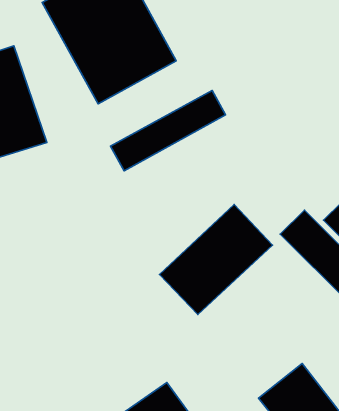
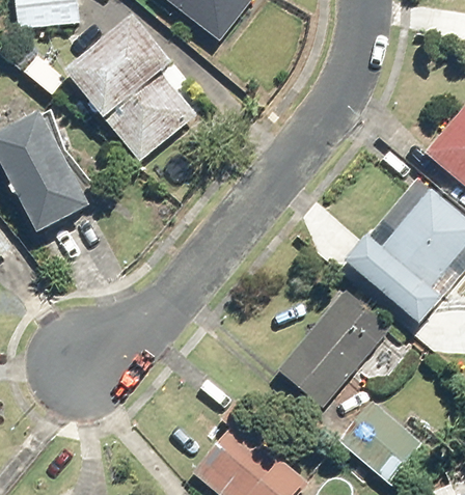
building: [111,90,226,171] -> none
building: [159,204,272,314] -> [280,290,389,406]

